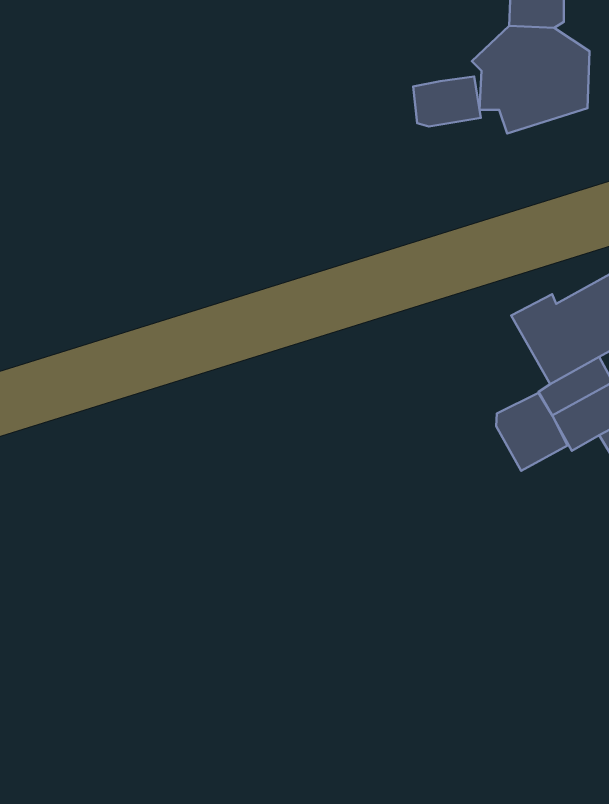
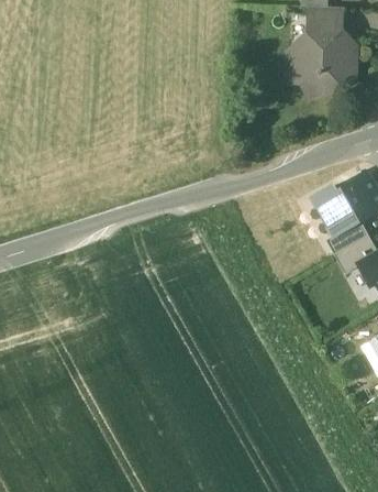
building: [413,77,481,126] -> none
building: [496,393,567,471] -> none

